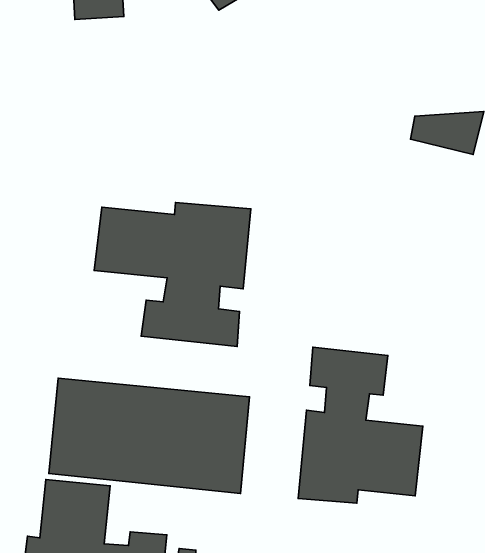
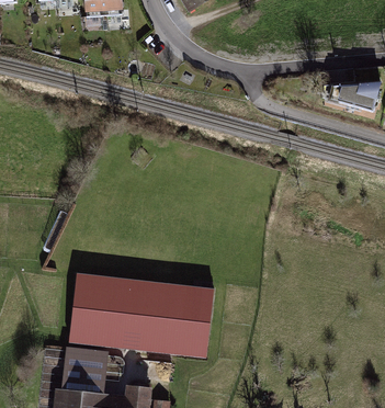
building: [94,202,251,346] -> none
building: [298,347,423,503] -> none

